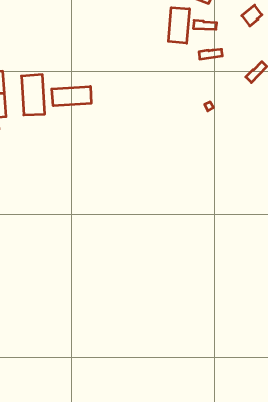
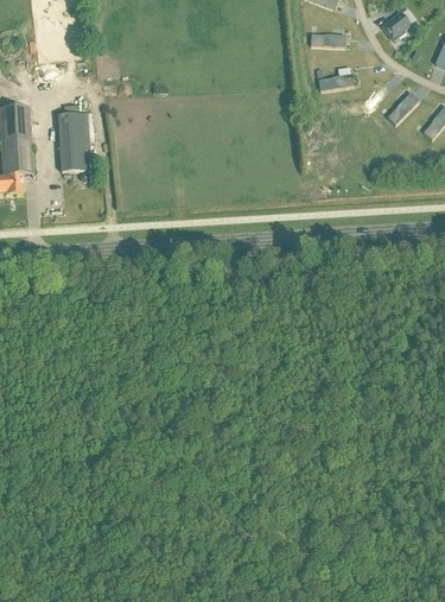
building: [168,8,189,43] -> none
building: [52,86,91,106] -> none

